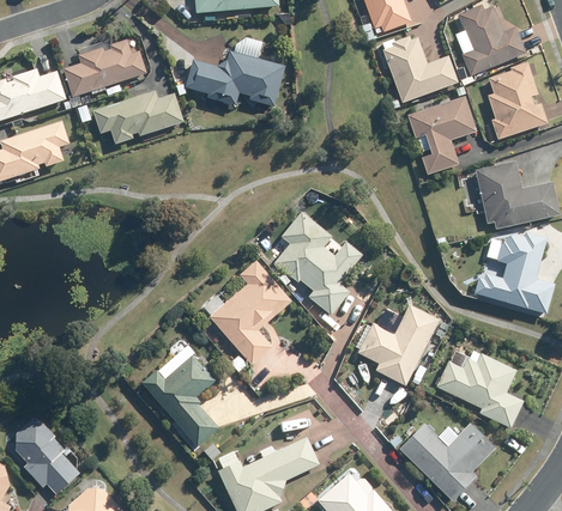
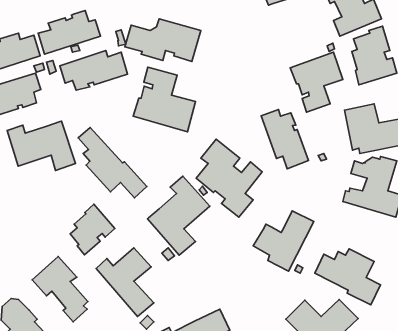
building: [377,35,453,107] -> none
building: none -> [133,67,195,132]
building: none -> [261,109,308,169]
building: none -> [7,121,75,171]
building: none -> [78,128,147,198]
building: none -> [70,204,115,255]
building: none -> [32,256,88,322]

